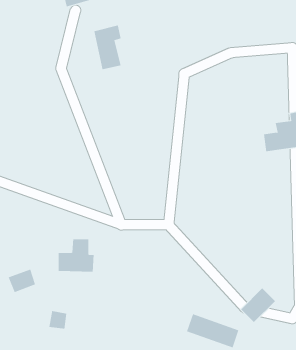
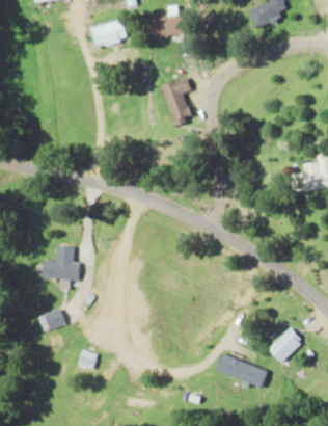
building: [93,25,122,70] -> [163,78,191,123]
building: [58,239,94,272] -> [43,246,79,279]

